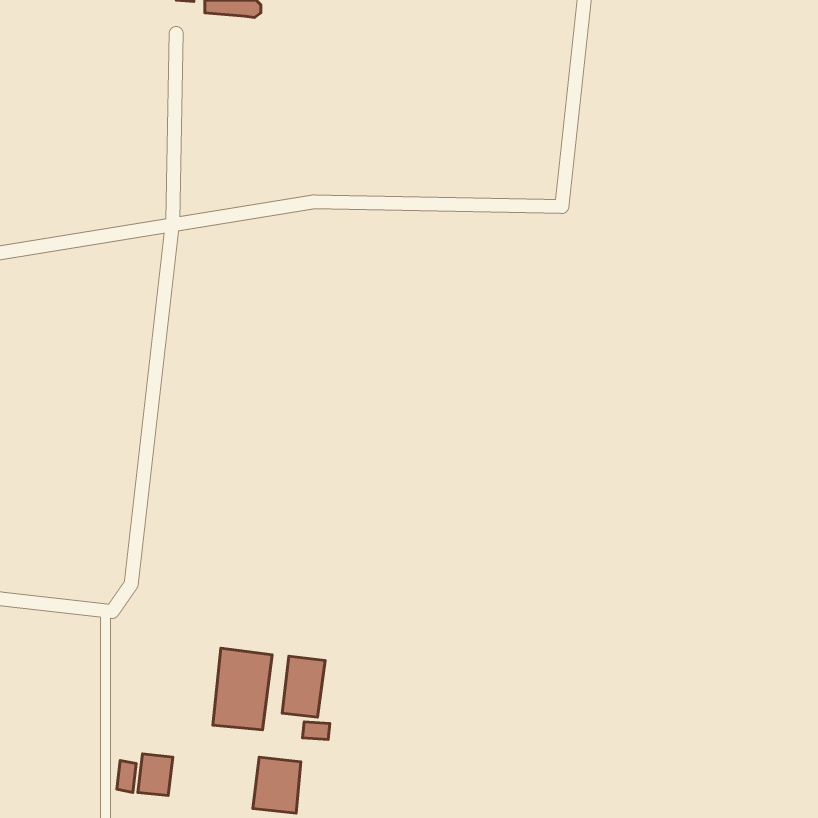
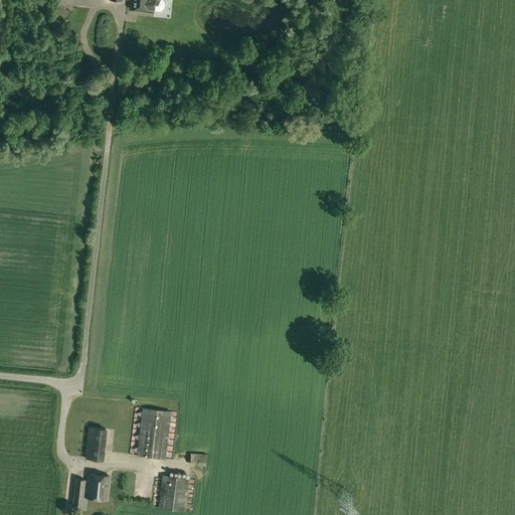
building: [282,656,325,717] -> none
building: none -> [87,426,108,461]

